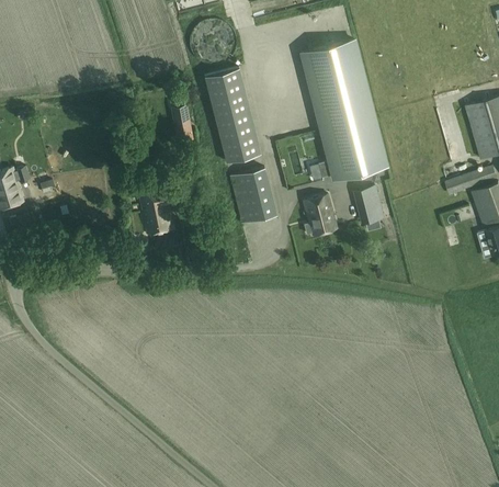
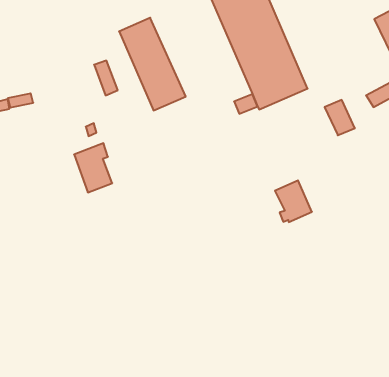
building: [230,169,277,225] -> none
building: [358,189,385,224] -> [325,100,355,135]
building: [304,196,338,237] -> [275,180,312,222]

